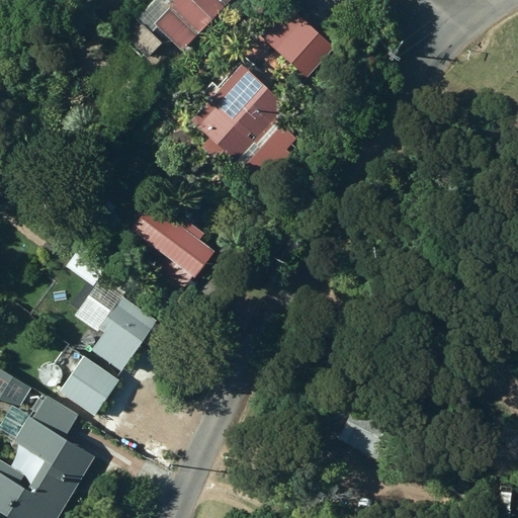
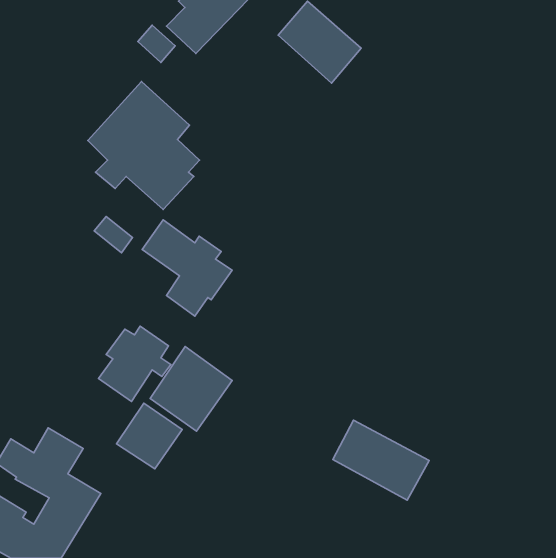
building: [191,65,294,183] -> [88,81,199,209]
building: none -> [150,347,232,431]
building: [58,355,118,416] -> [117,403,182,469]

